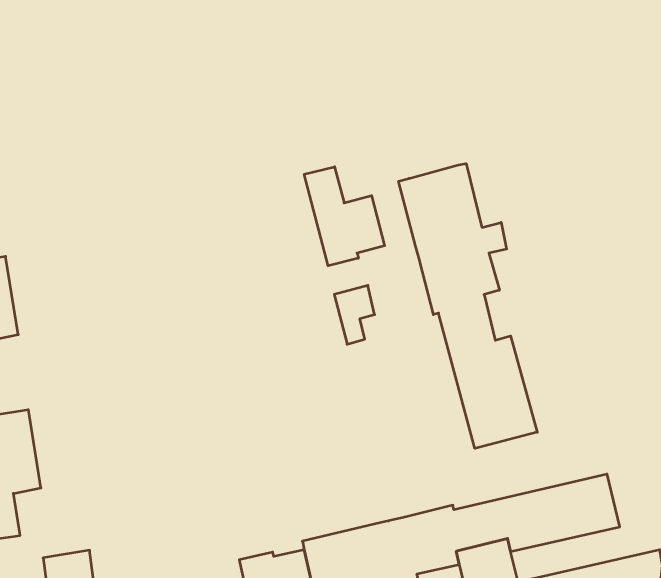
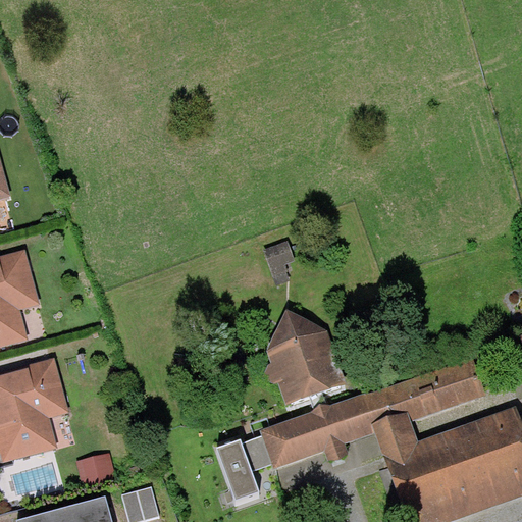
building: [399,164,537,448] -> none
building: [304,167,385,266] -> none
building: none -> [262,308,346,404]

